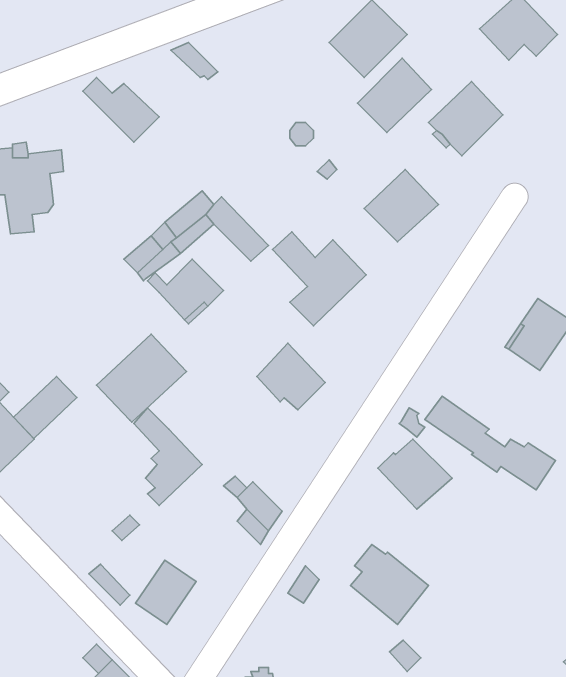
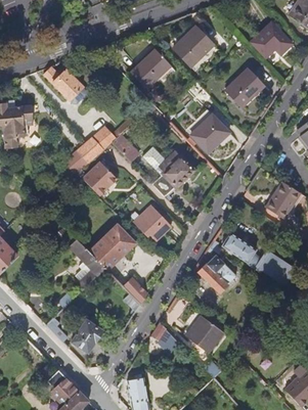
building: [357,58,432,132] -> [132,49,171,88]
building: [97,334,186,422] -> [89,224,136,270]
building: [14,376,77,439] -> none

